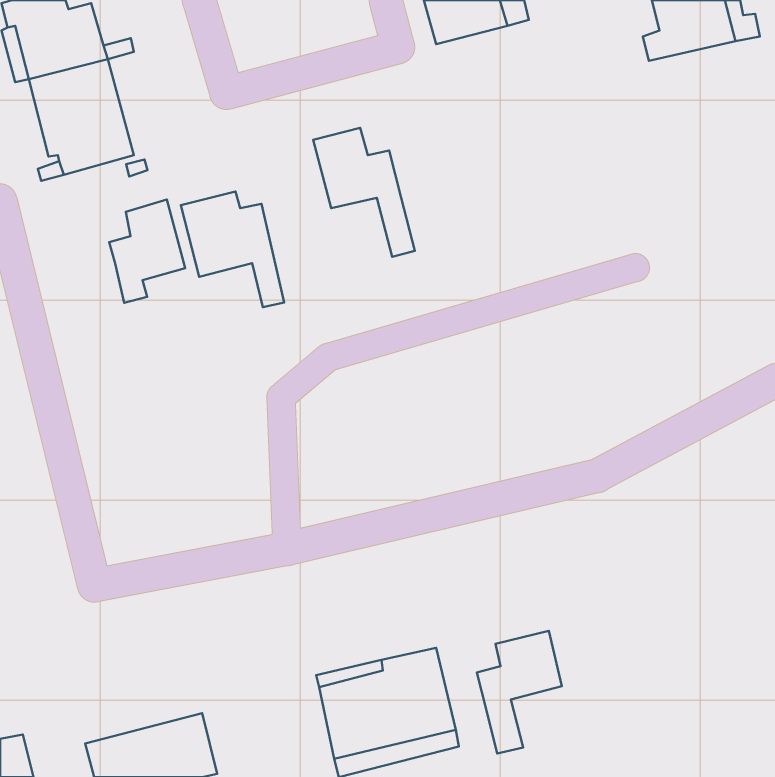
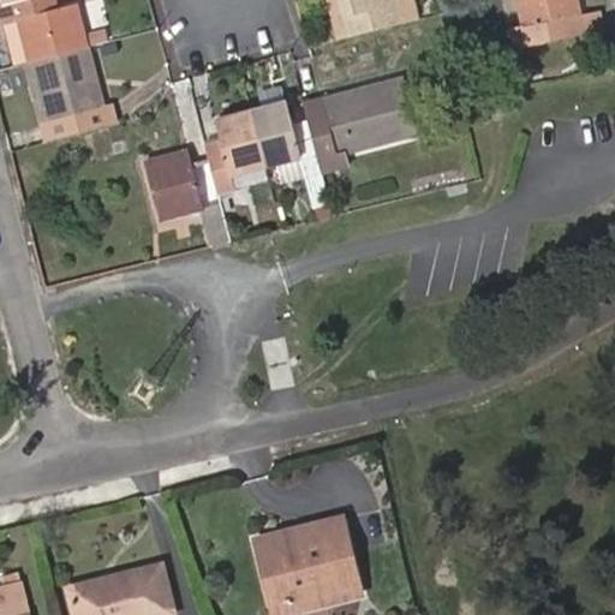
building: none -> [309,77,417,156]
building: [109,200,185,303] -> [203,111,263,192]
building: [477,631,562,754] -> none

